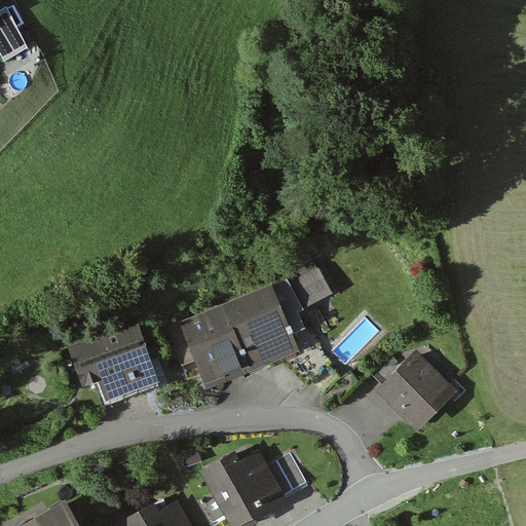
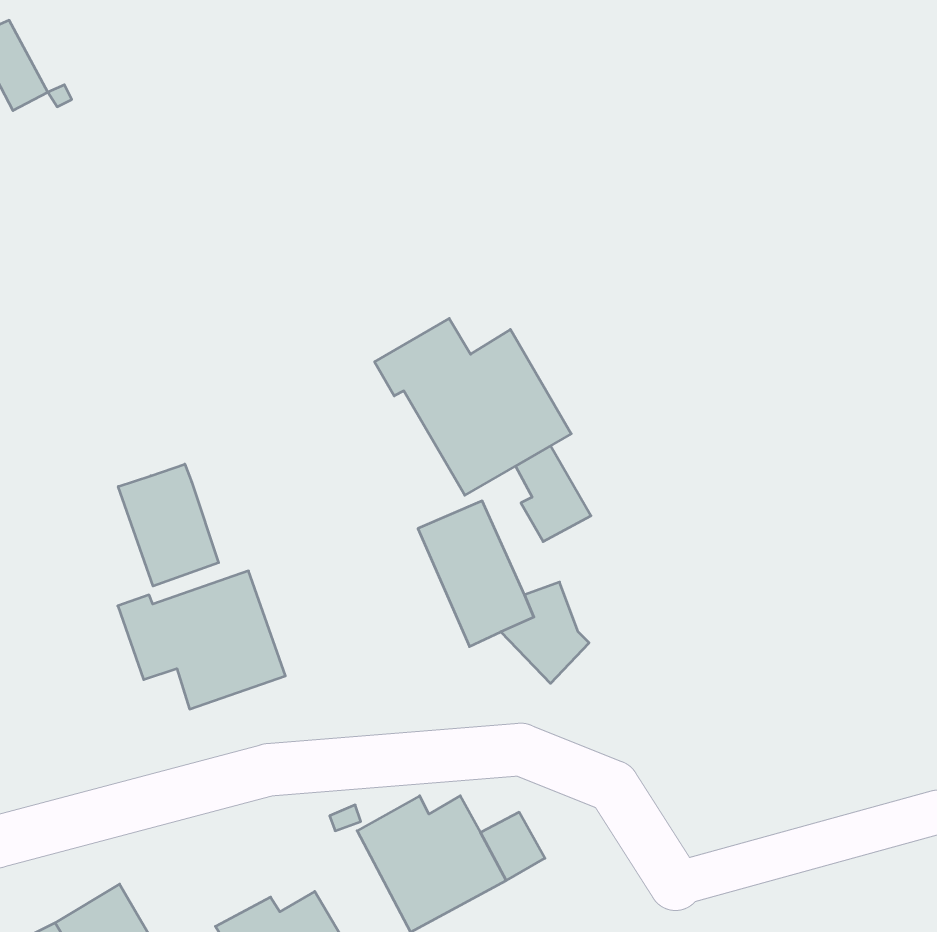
building: none -> [375,318,571,495]
building: none -> [118,464,219,586]
building: [178,300,262,389] -> none
building: [374,349,456,430] -> none

